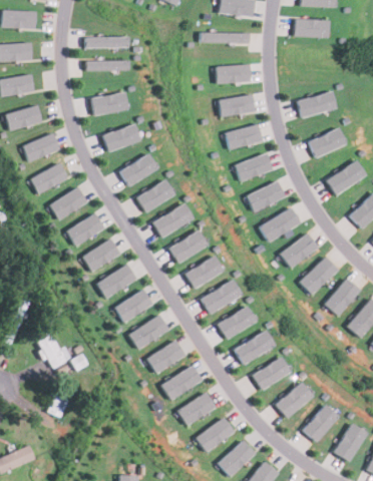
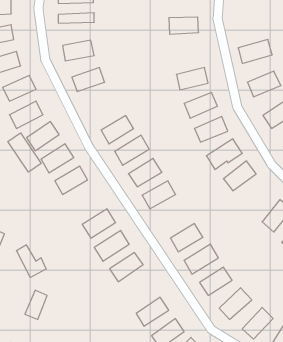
building: [218,93,255,117] -> none
building: [119,152,158,186] -> none
building: none -> [8,133,41,172]
building: [299,256,338,295] -> none
building: [96,264,137,298] -> none
building: [201,280,242,314] -> none
building: [161,365,202,400] -> none

